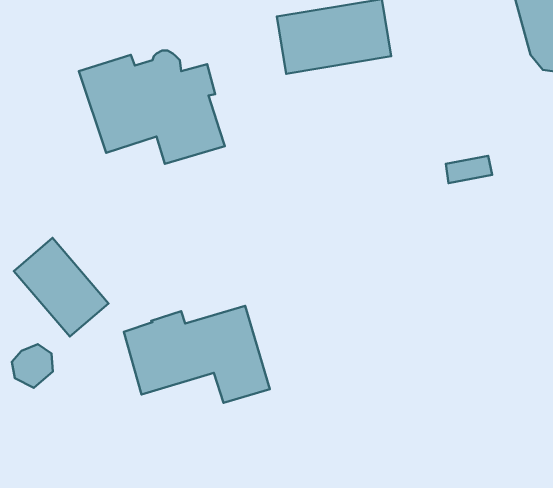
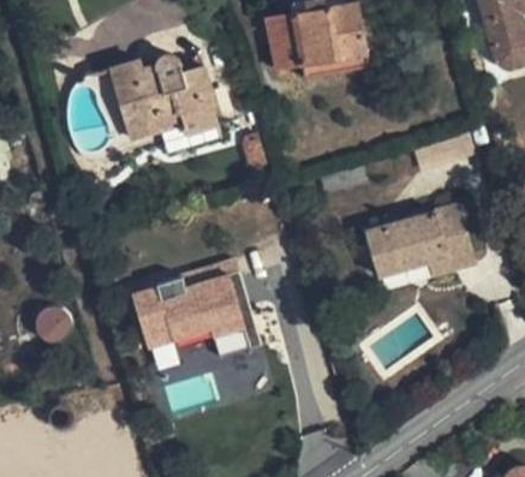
building: none -> [366,207,477,280]
building: [14,238,108,337] -> none

